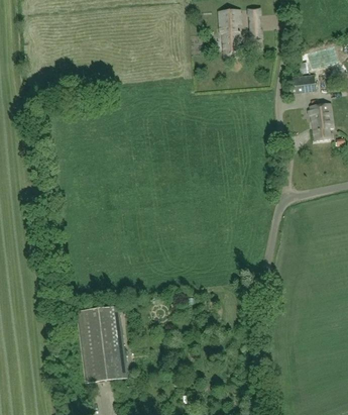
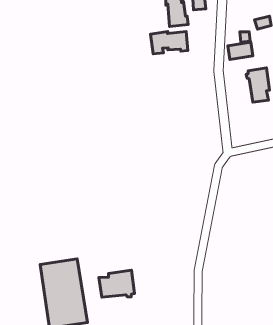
building: none -> [151,32,188,54]
building: none -> [99,270,134,297]

